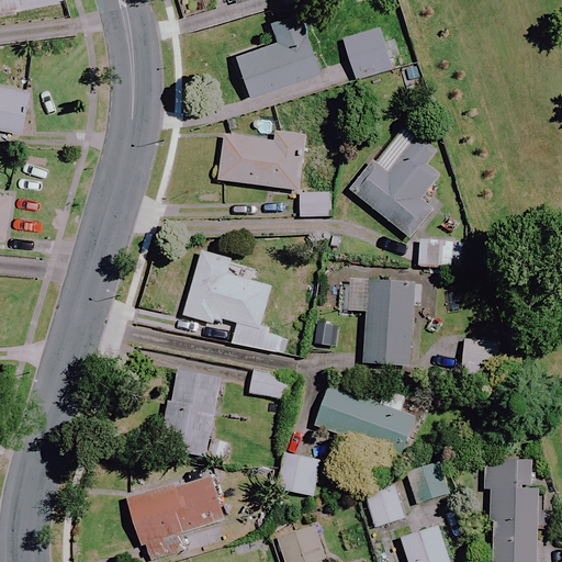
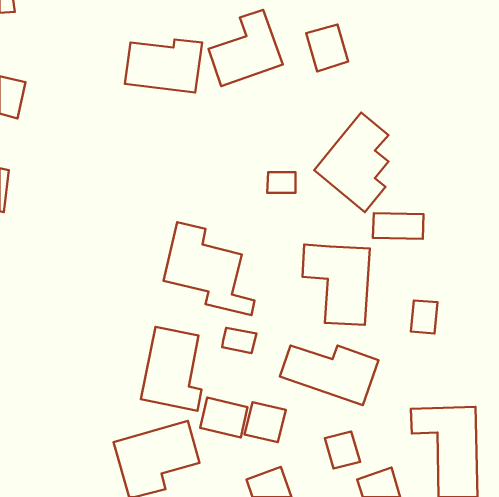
building: [218,131,305,190] -> [125,40,202,92]
building: none -> [200,398,248,438]
building: [406,460,447,503] -> none

